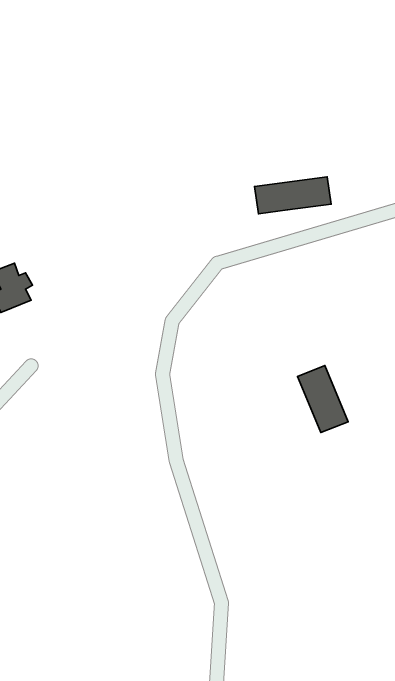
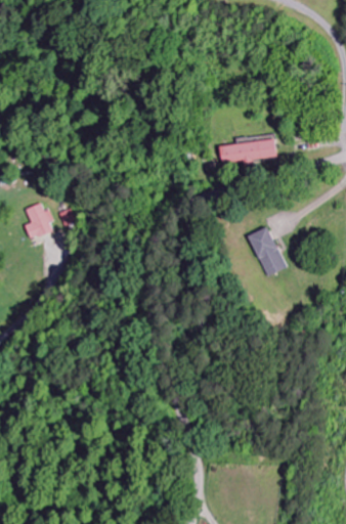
building: [298,366,348,433] -> [246,224,284,274]

